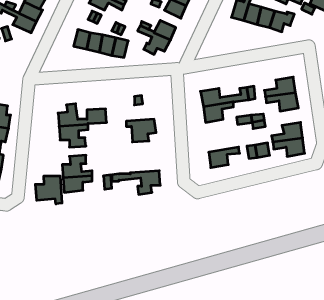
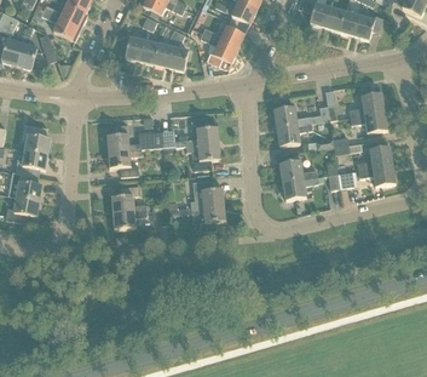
building: none -> [162,126,219,145]
building: none -> [279,154,318,181]
building: none -> [191,179,225,205]
building: [35,176,62,204] -> none

